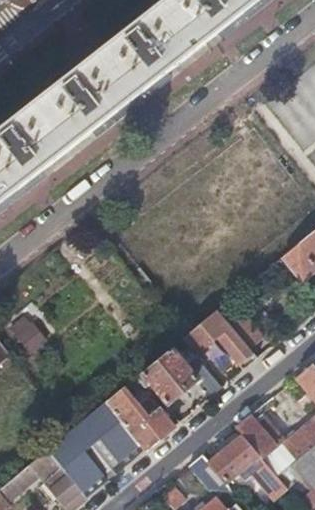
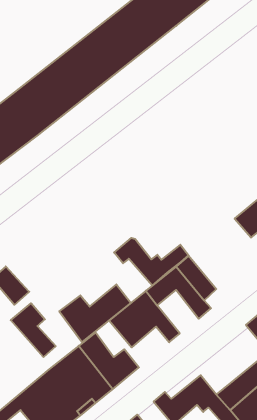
building: none -> [114,238,189,286]
building: none -> [59,284,131,342]
building: none -> [11,303,56,357]
building: [237,414,279,458] -> none

